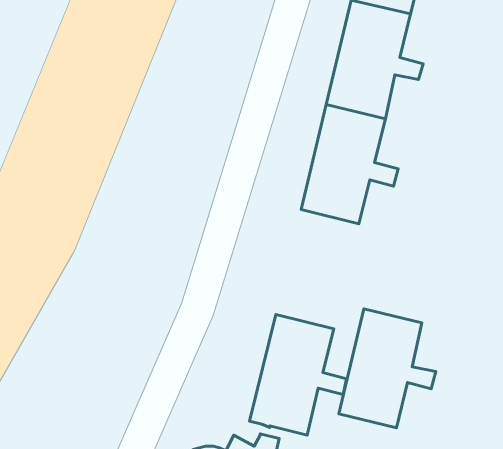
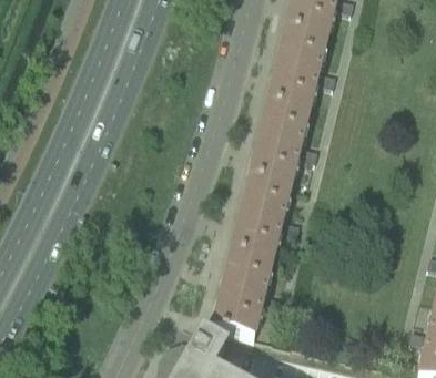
building: [339,309,436,428] -> [233,172,302,256]

